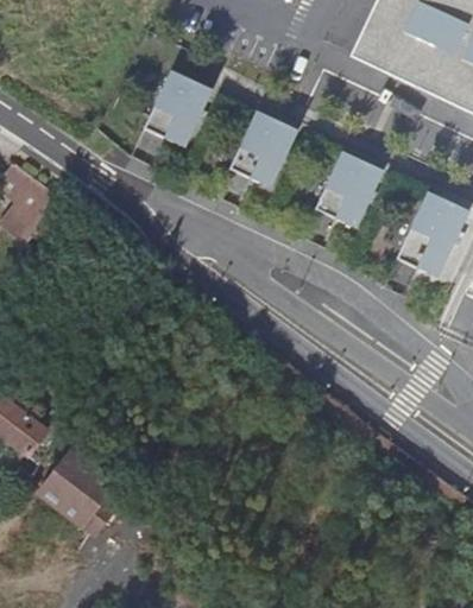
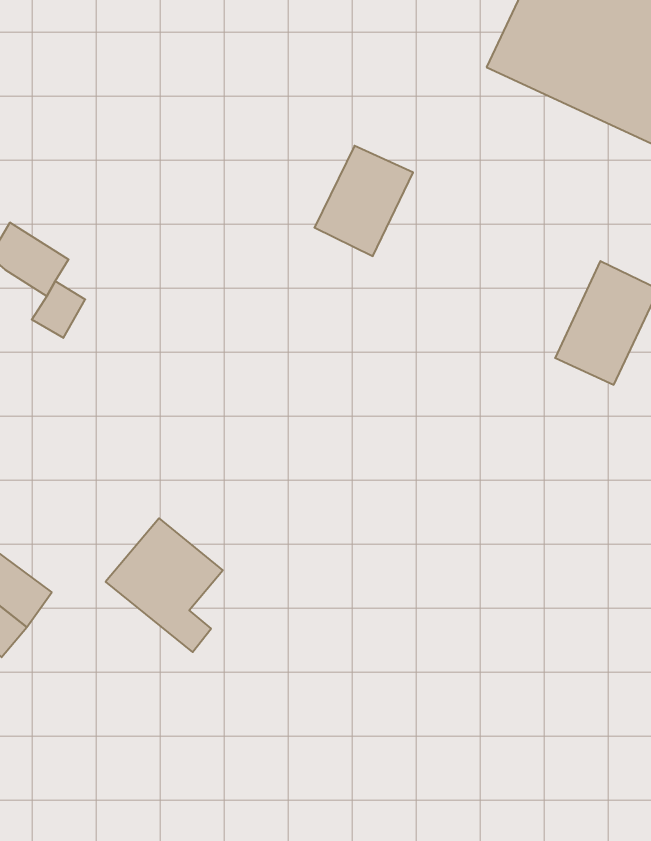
building: [143,69,212,147] -> none
building: [317,153,385,230] -> none
building: [31,438,114,533] -> [106,518,223,652]

